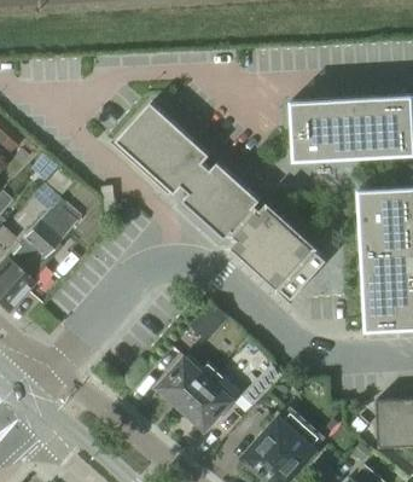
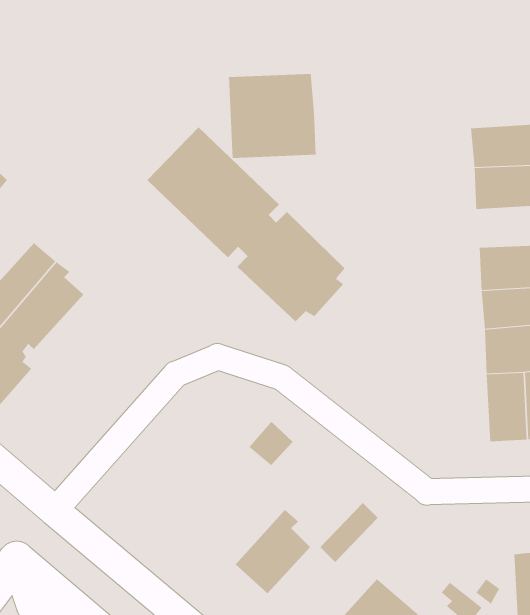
building: [289,104,350,163] -> [228,73,317,158]
building: [234,208,327,300] -> none
building: [159,355,217,408] -> none

